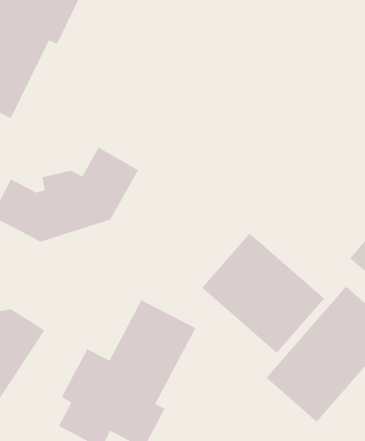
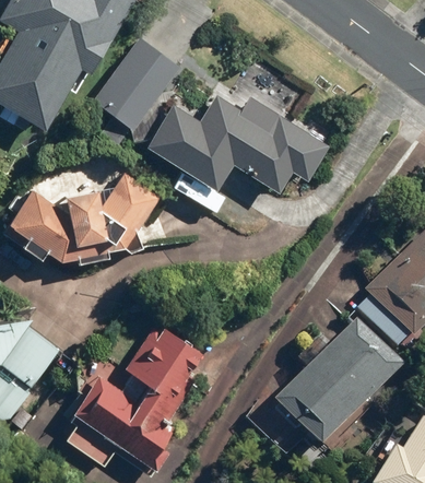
building: none -> [93,38,180,131]
building: none -> [146,95,329,195]
building: [201,232,325,354] -> none

